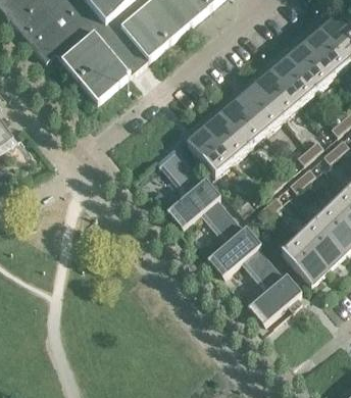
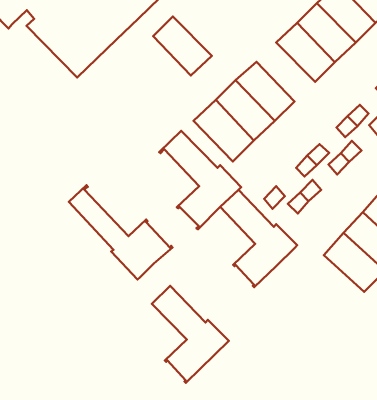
building: [238,84,283,131] -> [153,16,212,75]
building: none -> [69,185,173,279]
building: [243,245,301,321] -> [152,286,229,383]

